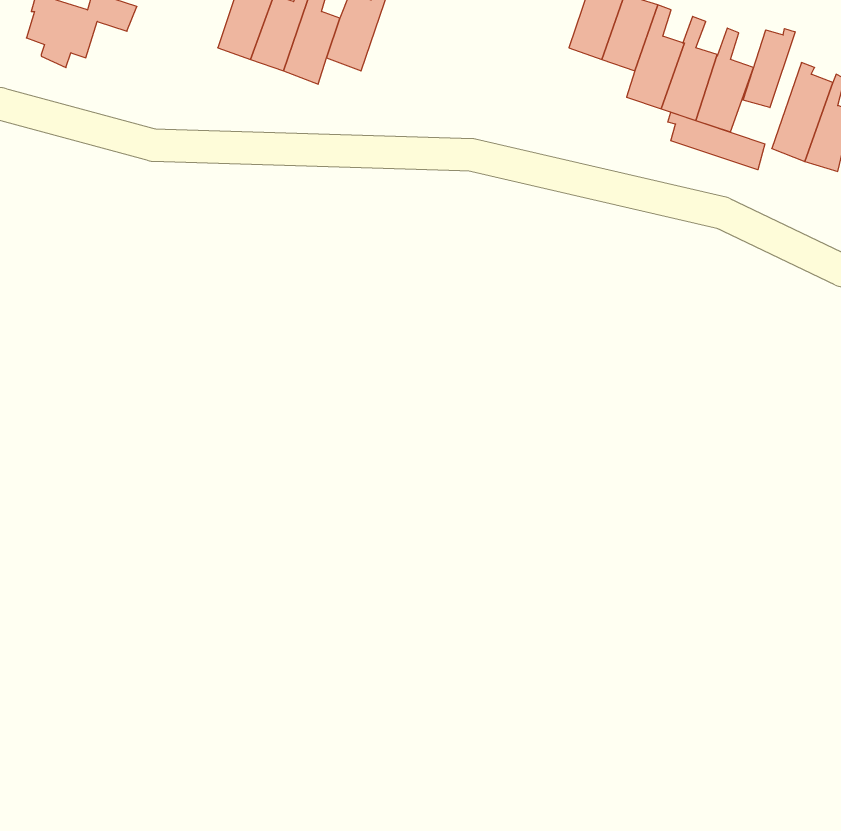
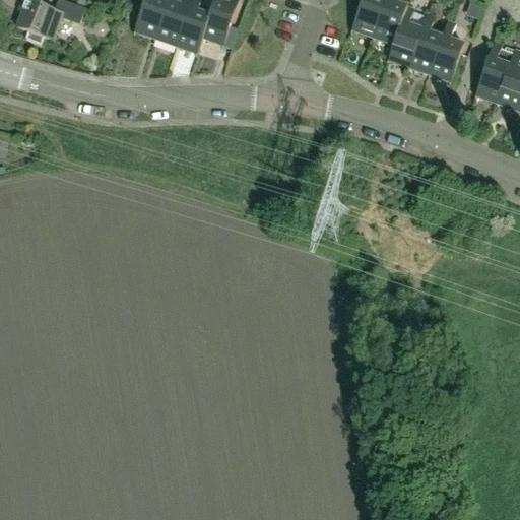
building: [743,29,795,108] -> none
building: [668,112,765,170] -> none

